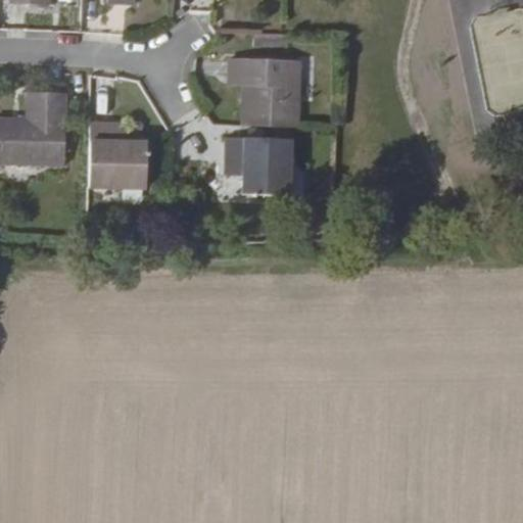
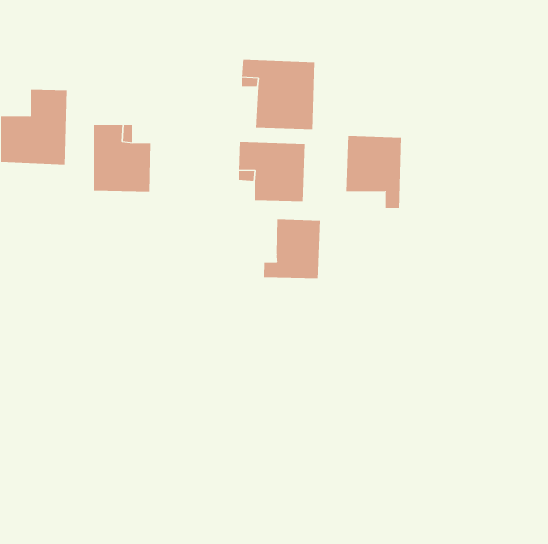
building: none -> [346,135,401,209]
building: none -> [263,219,320,279]

